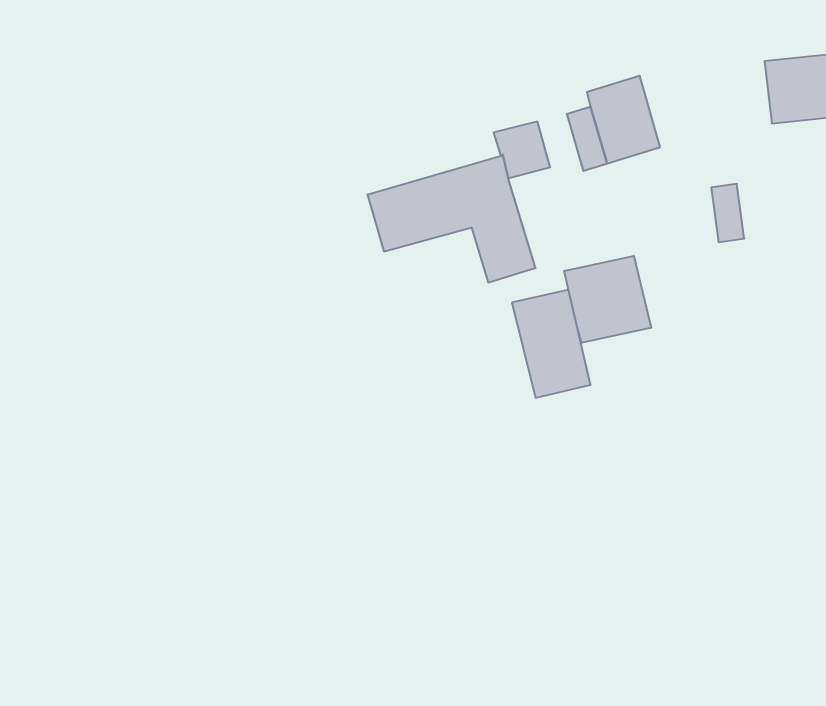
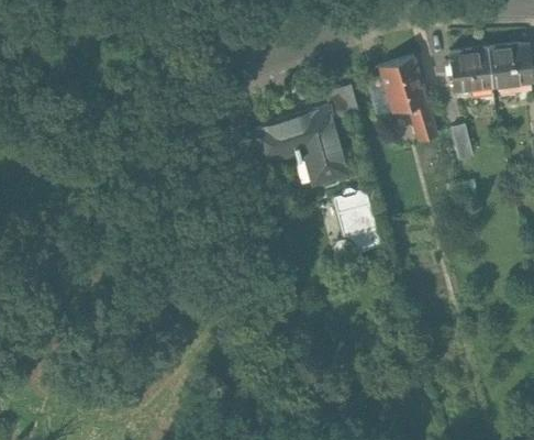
building: none -> [447,51,490,92]
building: none -> [405,102,433,142]
building: [564,256,651,343] -> none

